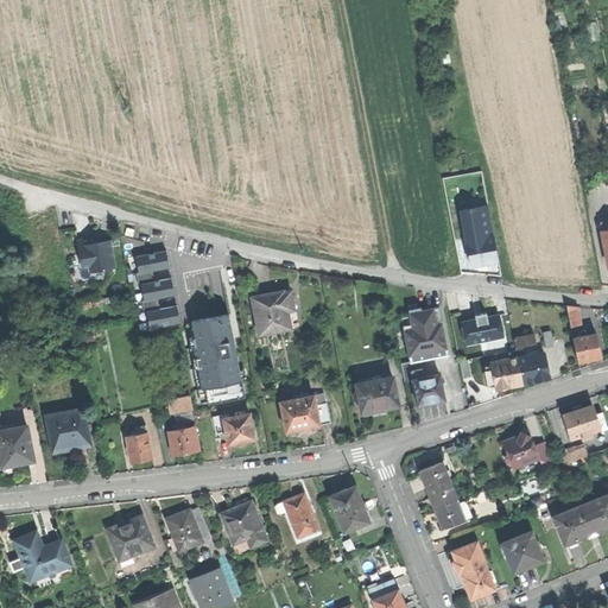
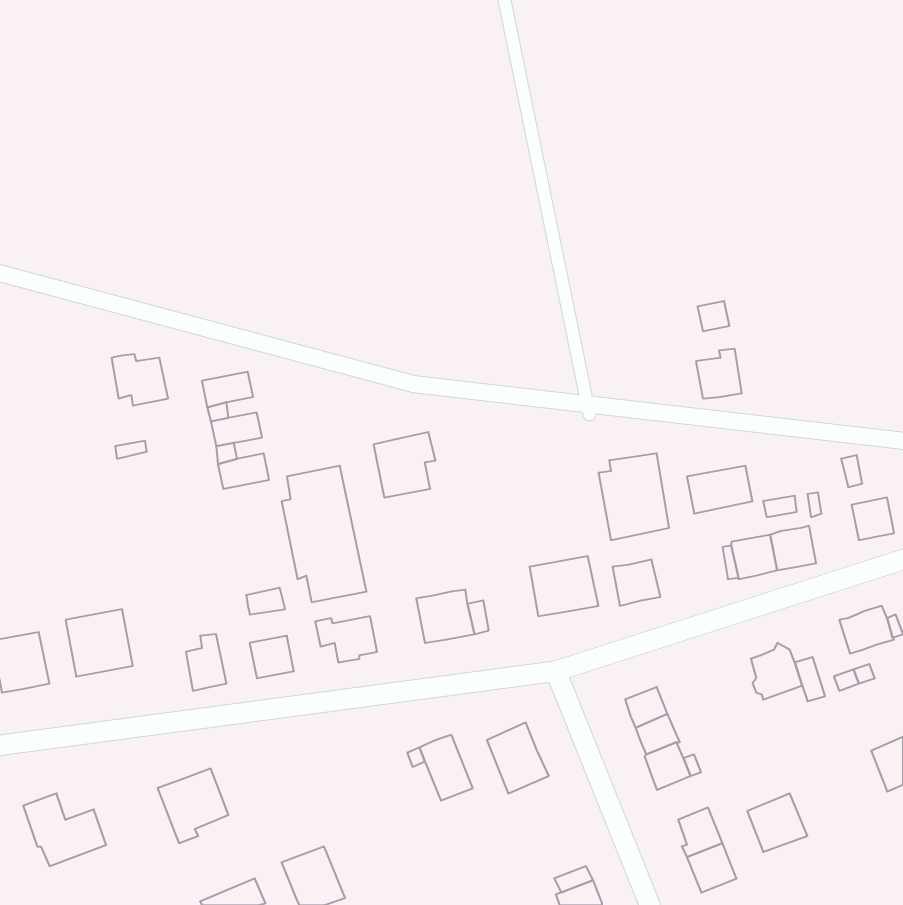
building: [220,500,265,551] -> none
building: [552,504,596,545] -> none
building: [165,505,207,542] -> none

